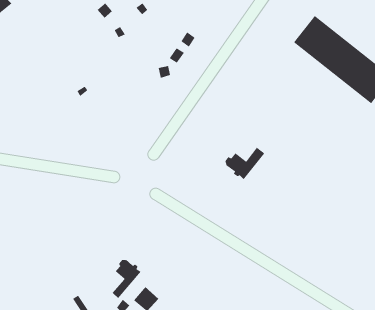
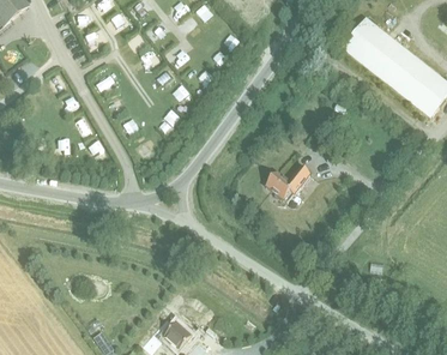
building: [112,259,142,299] -> none

